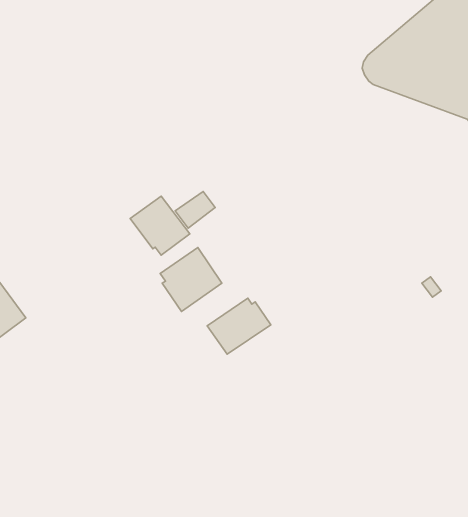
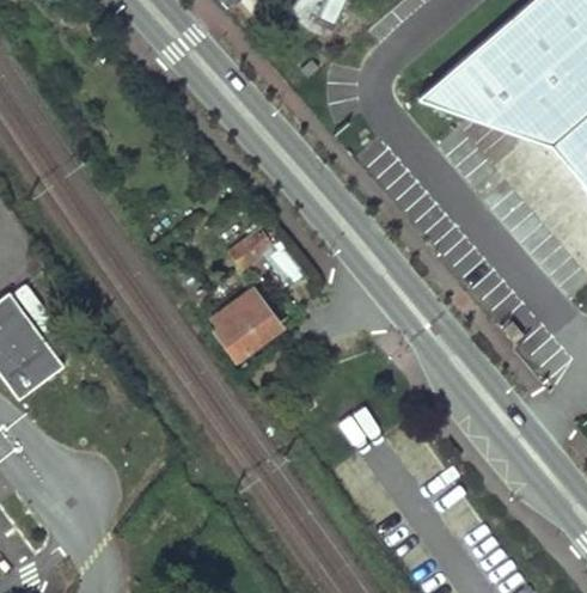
building: [130,196,190,255] -> none
building: [207,298,271,354] -> none

